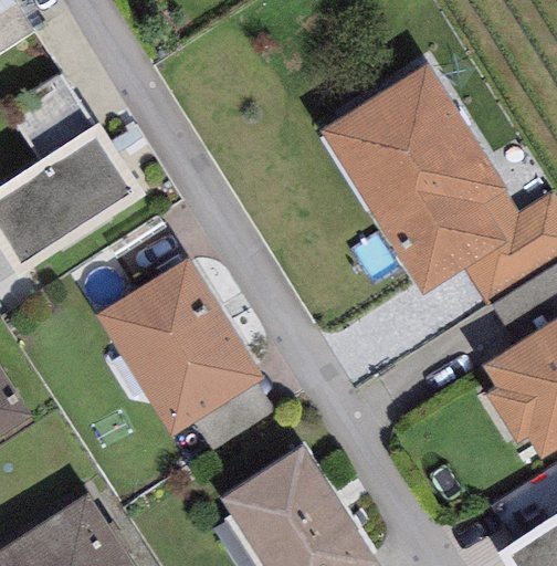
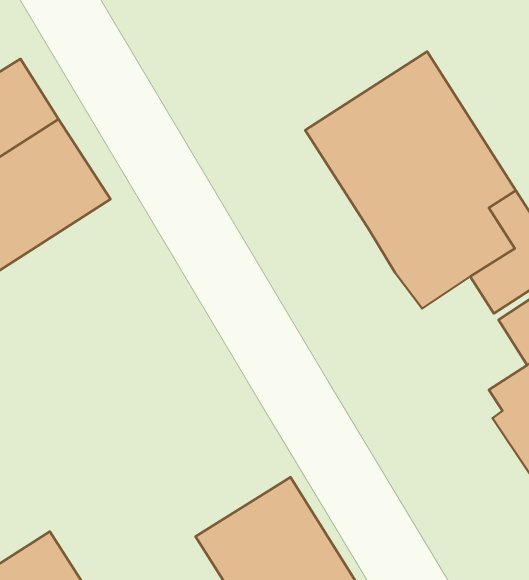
building: [96,256,264,437] -> none

